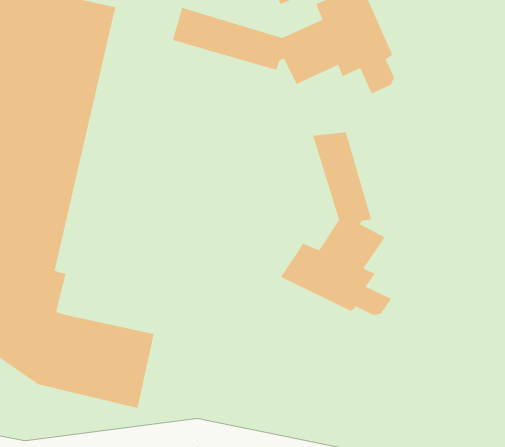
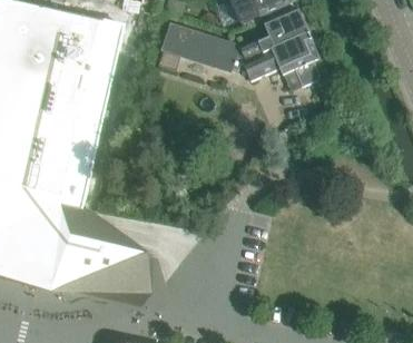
building: [280,132,392,316] -> none

